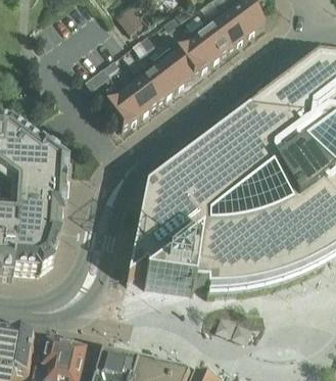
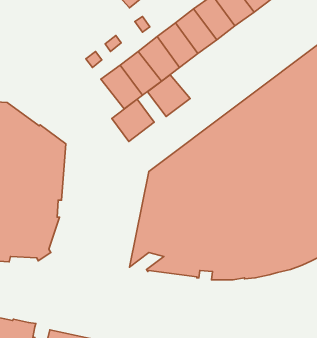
building: none -> [148,75,190,117]
building: none -> [112,99,154,142]

